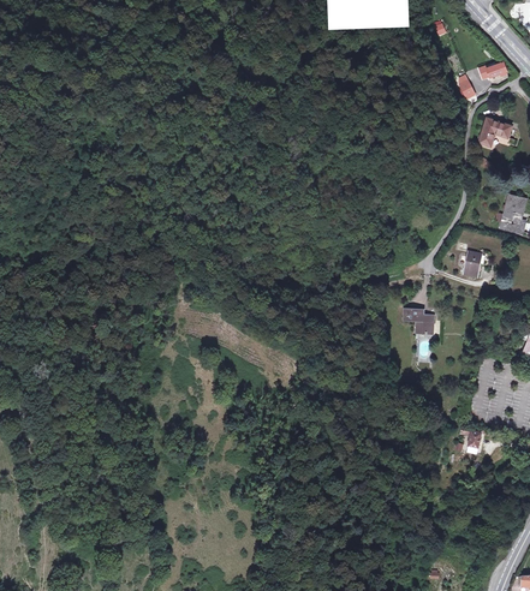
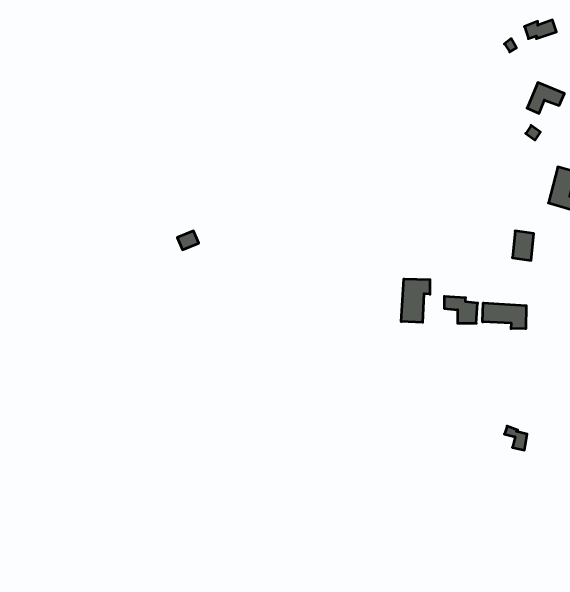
building: none -> [401,279,430,322]
building: none -> [483,303,526,329]

